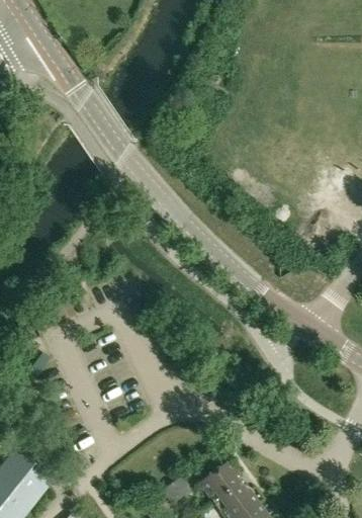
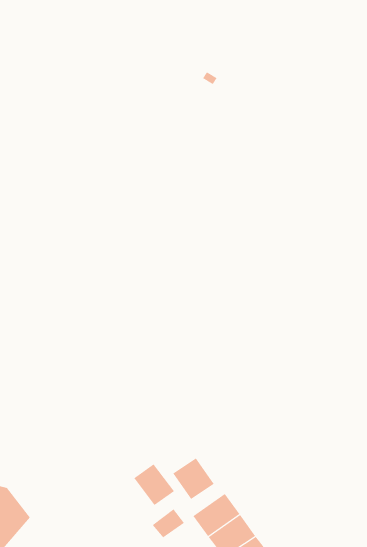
building: none -> [173,457,214,500]
building: none -> [133,463,175,506]

